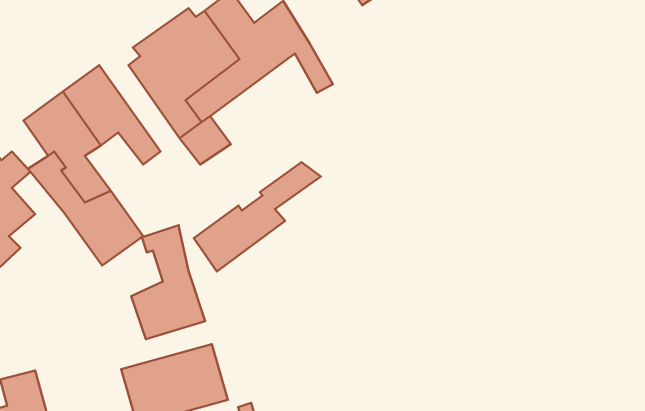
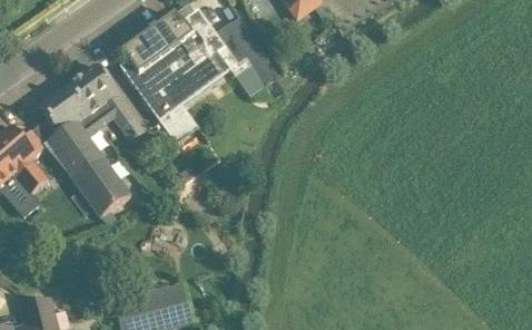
building: [194,162,321,271] -> none
building: [131,225,205,339] -> none

